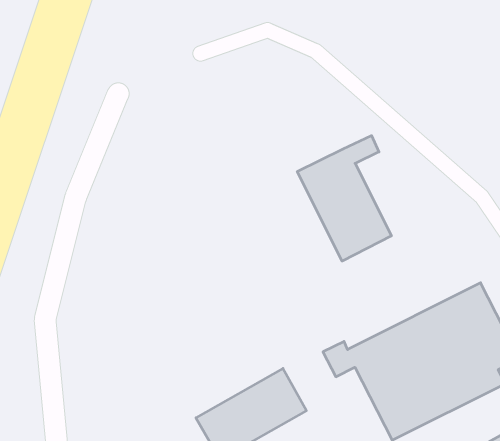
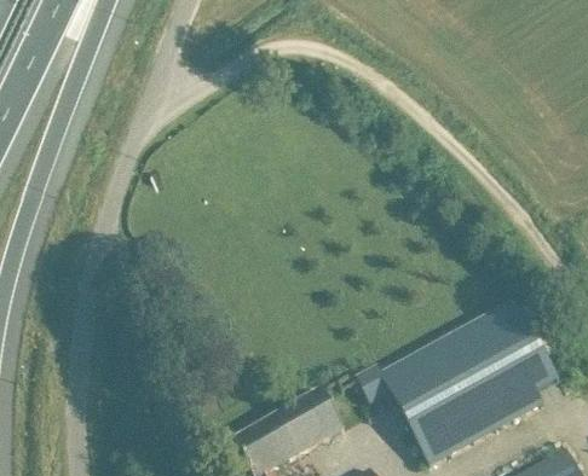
building: [297,136,391,261] -> none

